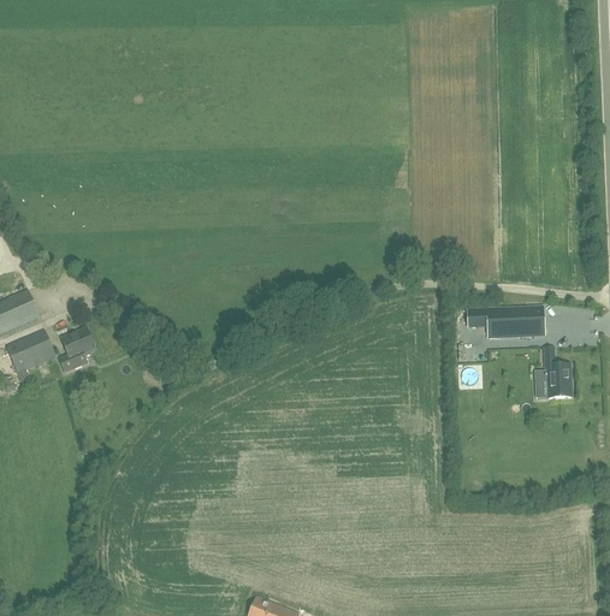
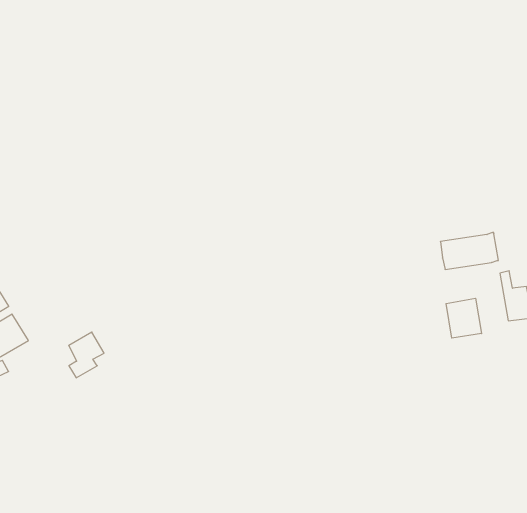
building: [58,328,95,373] -> [69,332,104,378]
building: none -> [446,298,482,338]

